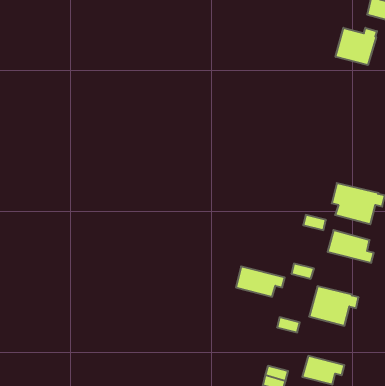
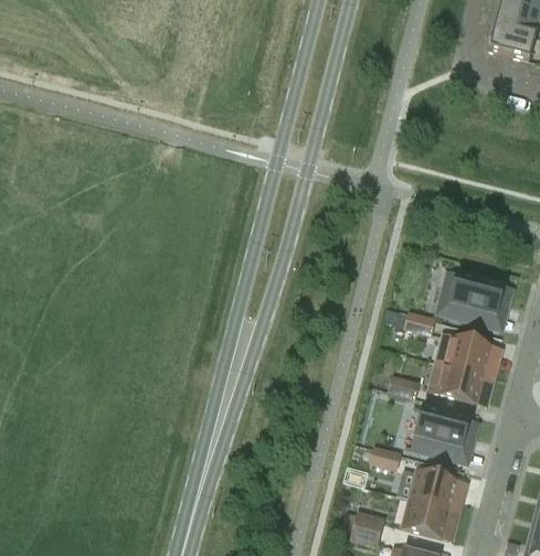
building: [336,28,377,65] -> none
building: [236,266,285,297] -> [431,362,495,402]
building: none -> [412,470,463,511]

